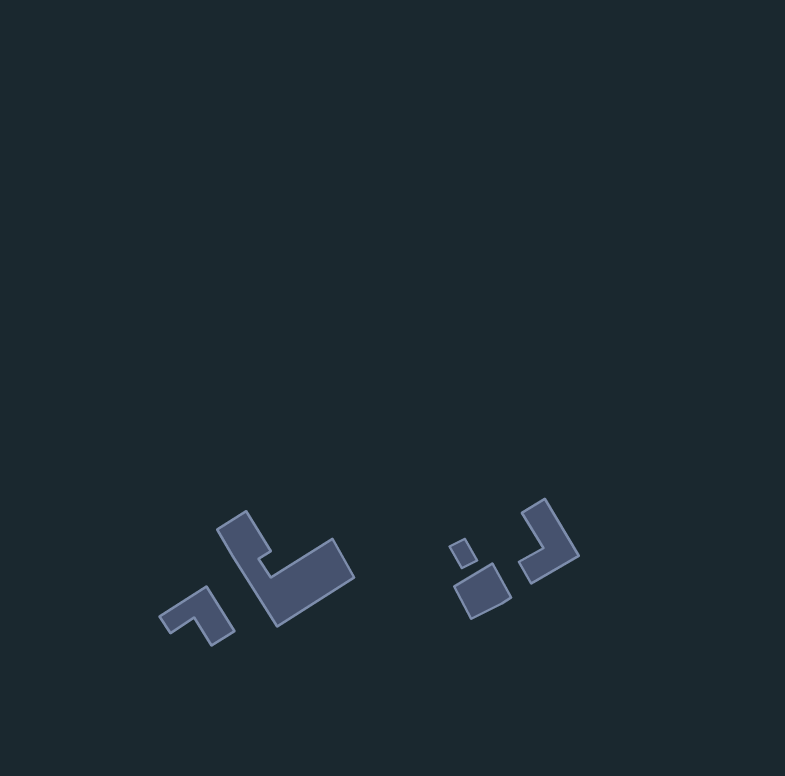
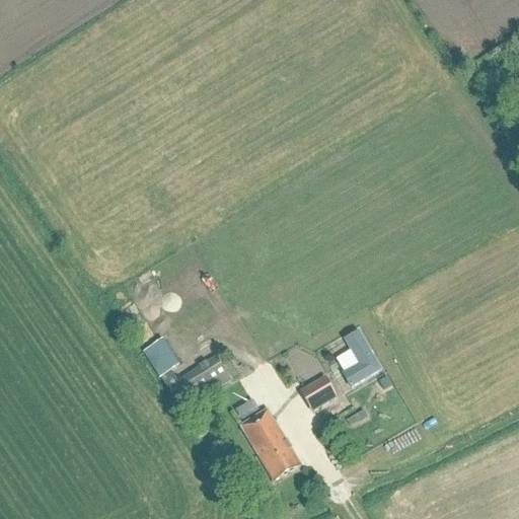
building: [160,586,235,646] -> none
building: none -> [239,406,299,476]

